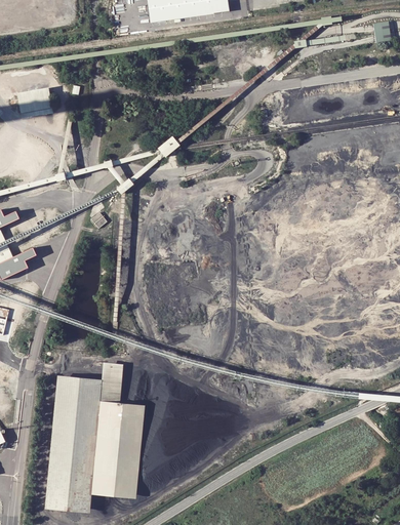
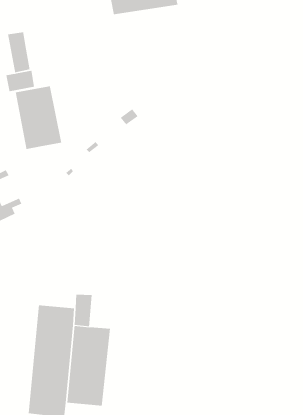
building: none -> [8,31,30,73]
building: none -> [15,85,62,150]

